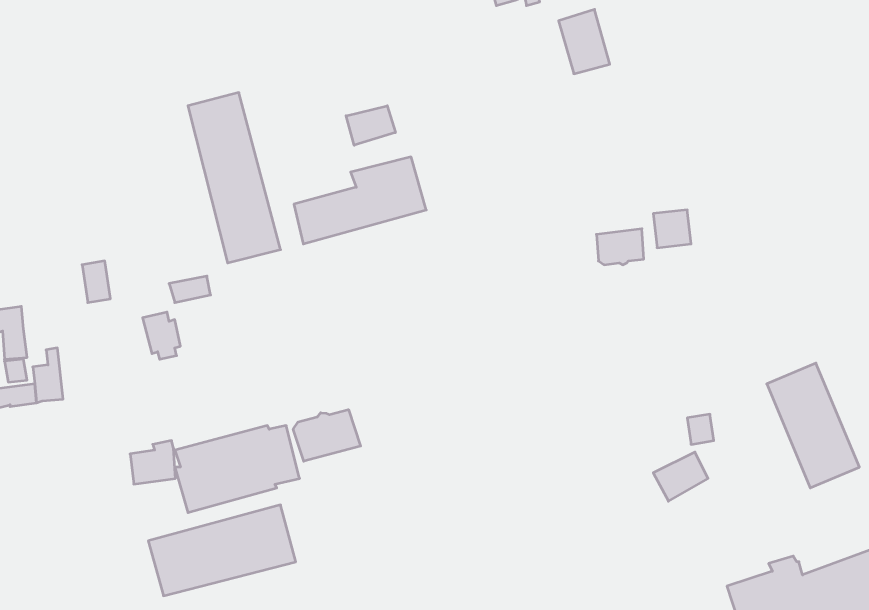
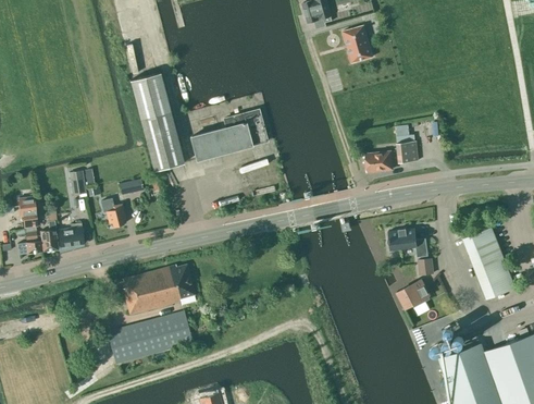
building: [346,106,395,145] -> none
building: none -> [389,228,429,257]
building: [293,410,361,461] -> none
building: [130,441,175,484] -> [58,222,84,247]

